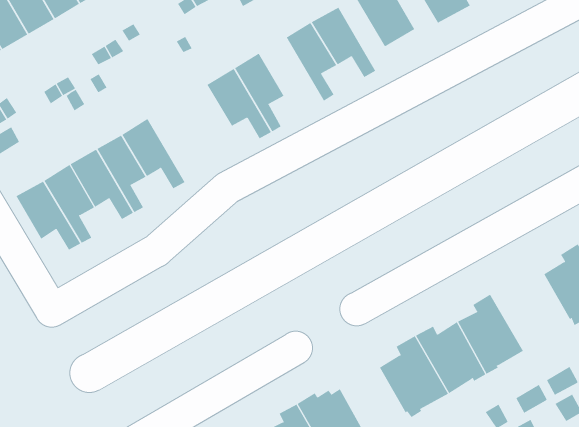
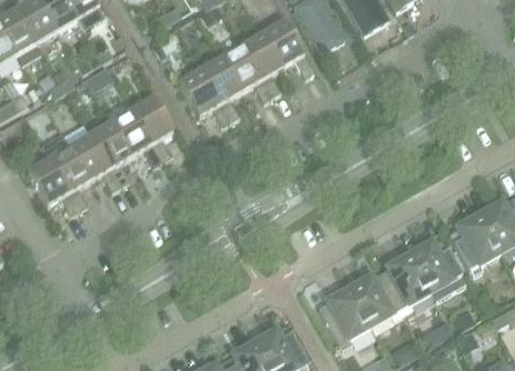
building: none -> [221,43,273,100]
building: none -> [132,96,174,159]
building: none -> [406,235,466,298]

